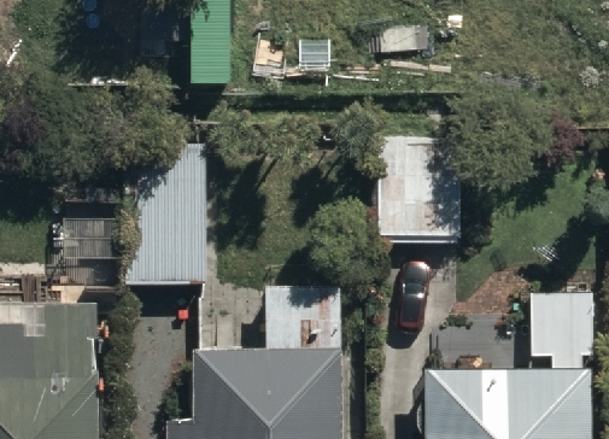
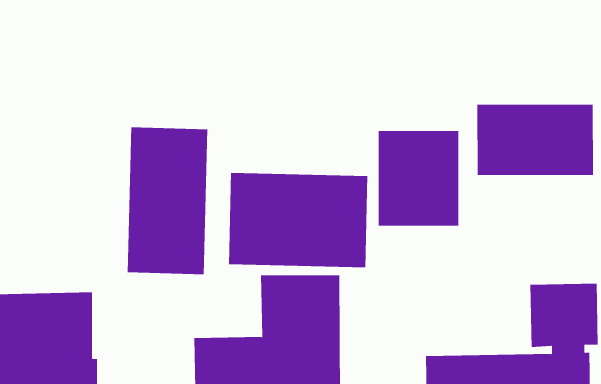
building: none -> [477,104,593,176]
building: none -> [229,172,368,268]

